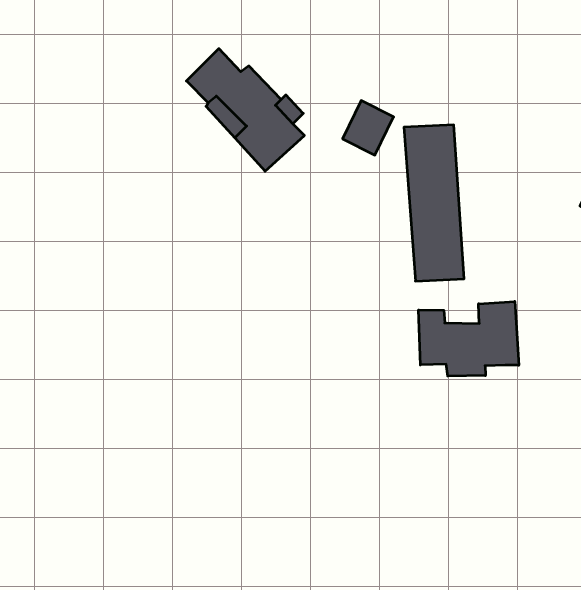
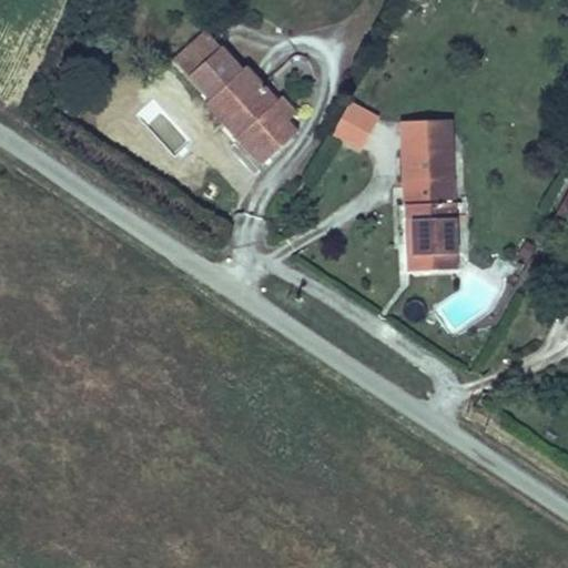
building: none -> [173,31,220,78]
building: [419,301,519,376] -> none

